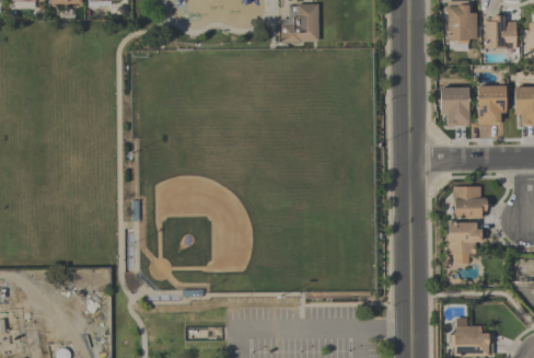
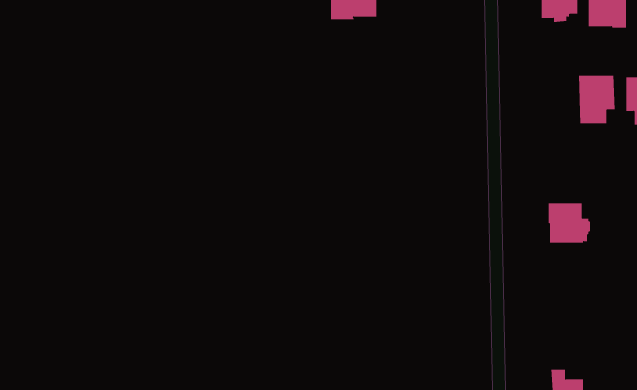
building: [440,86,469,126] -> none
building: [448,221,481,263] -> none

